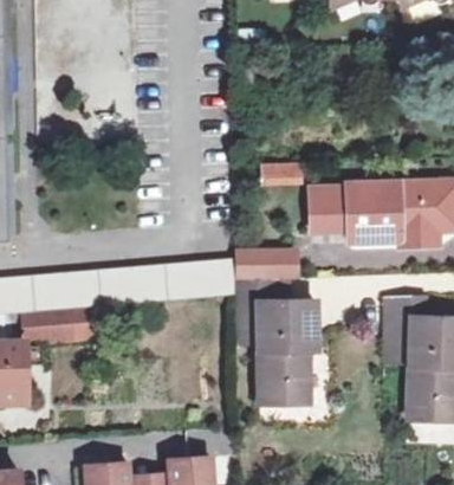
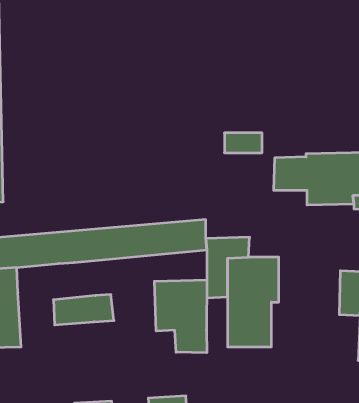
building: [240,247,294,277] -> none
building: [22,306,91,341] -> [53,295,114,325]
building: none -> [154,280,207,353]

